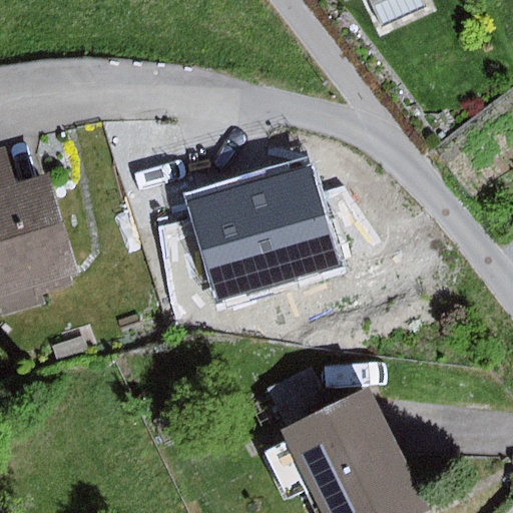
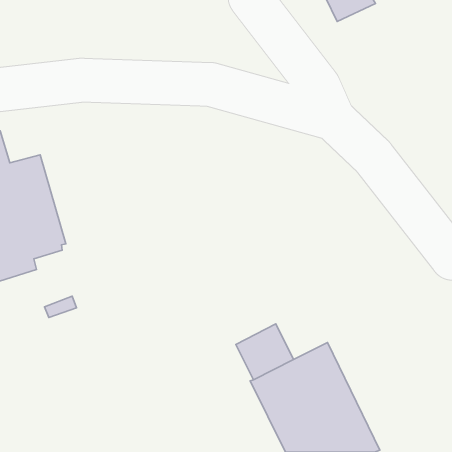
building: [186,164,337,301] -> none

